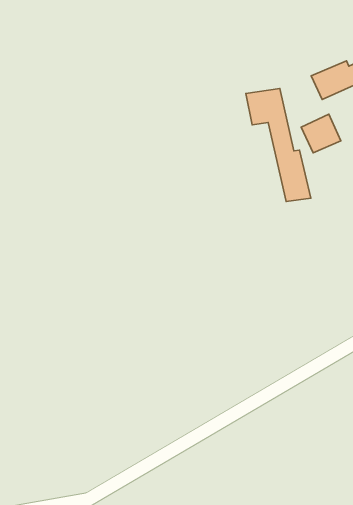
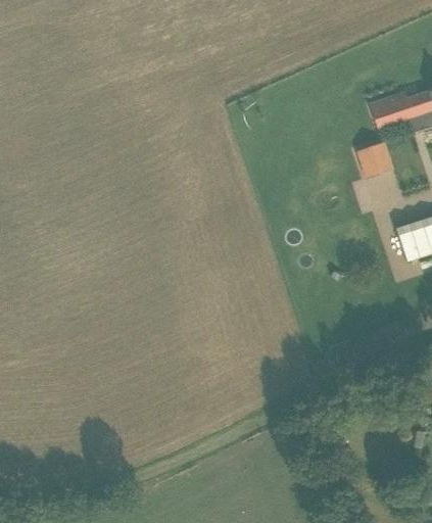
building: [246,88,311,202] -> none

